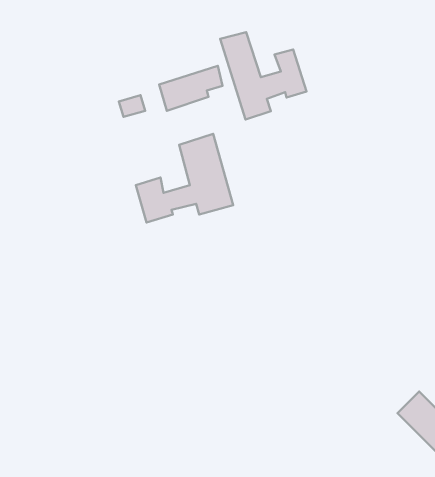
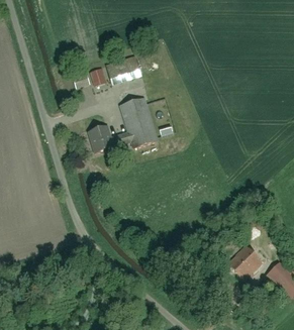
building: [220,32,306,119] -> none
building: none -> [227,245,262,280]

